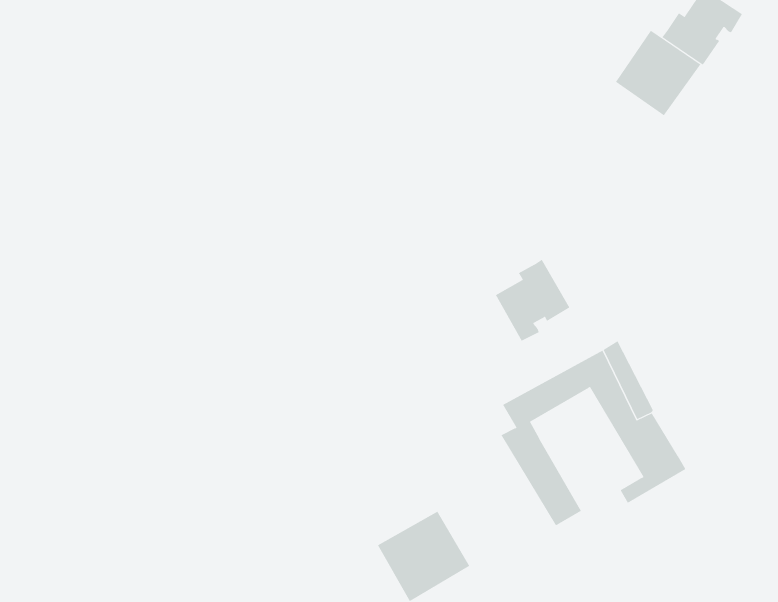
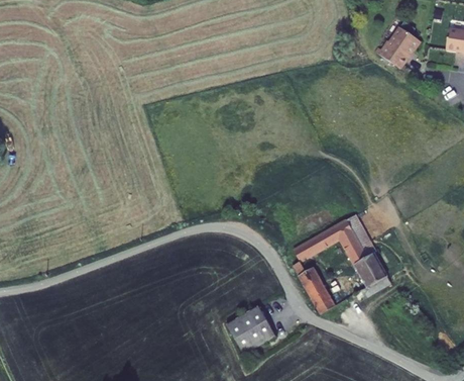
building: [615,30,701,116] -> none
building: [495,259,570,341] -> none

